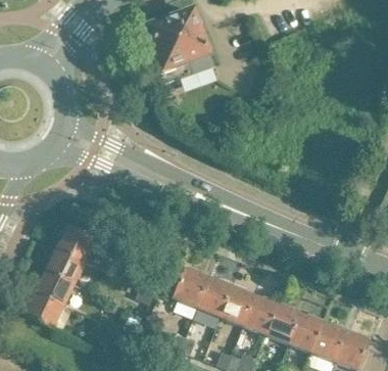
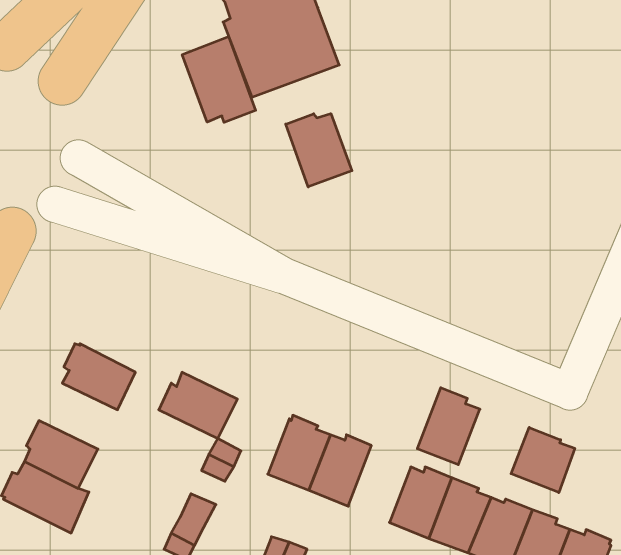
building: none -> [182,36,256,122]
building: none -> [286,114,352,187]
building: [44,247,89,285] -> [159,372,237,438]
building: none -> [511,427,575,493]
building: [221,283,256,327] -> [417,388,480,465]

